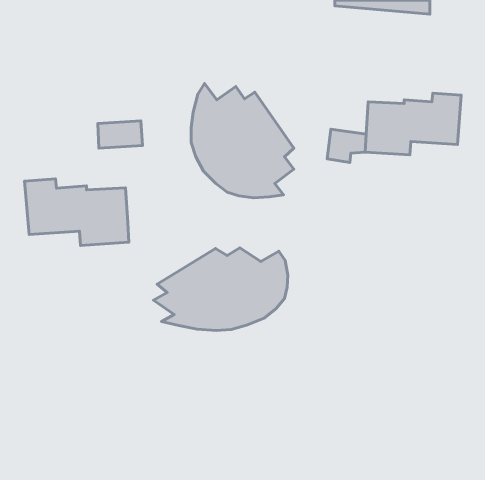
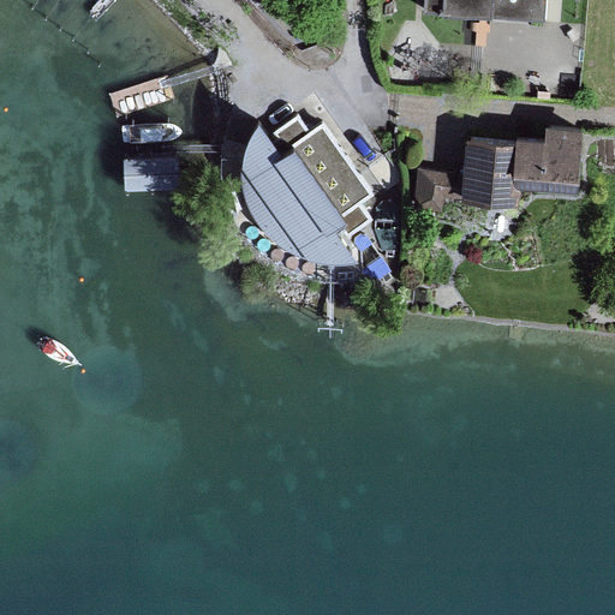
building: [25,179,129,246] -> none
building: [153,248,288,330] -> none

